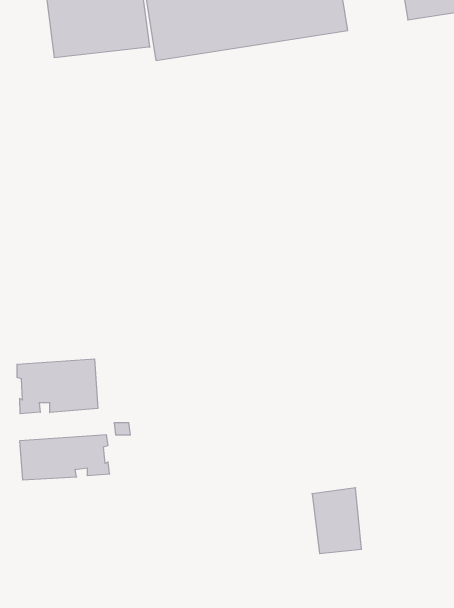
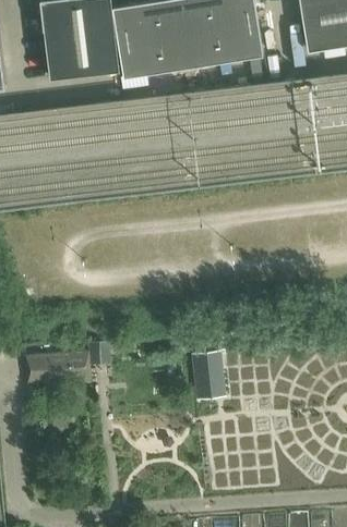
building: [17,359,98,414] -> none
building: [312,488,362,554] -> [189,353,225,401]

